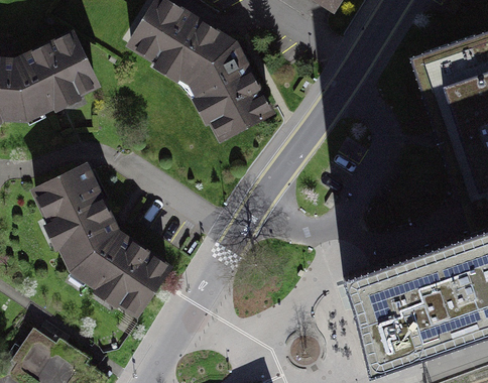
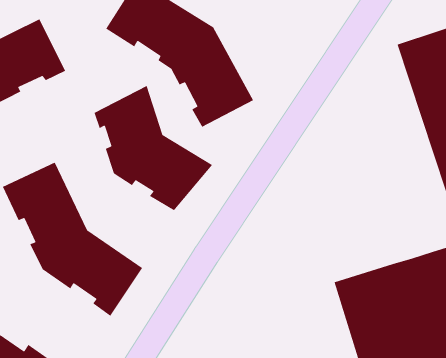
building: none -> [94,85,213,211]

